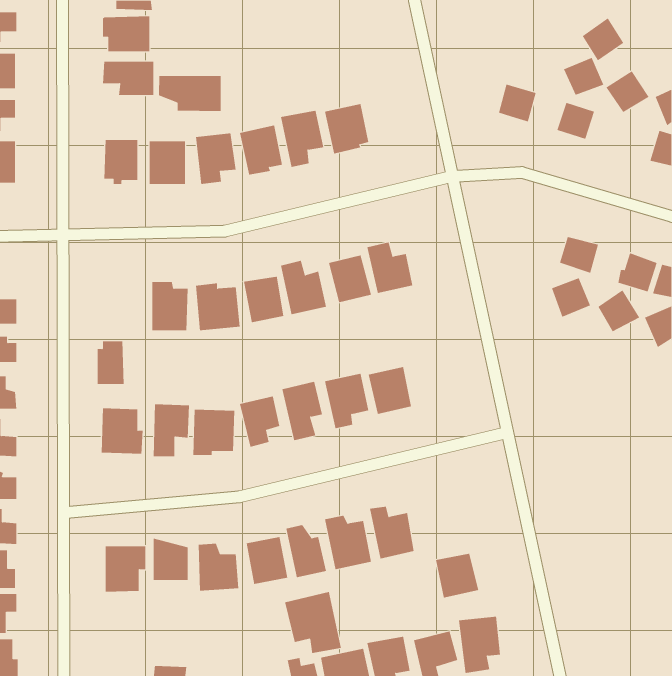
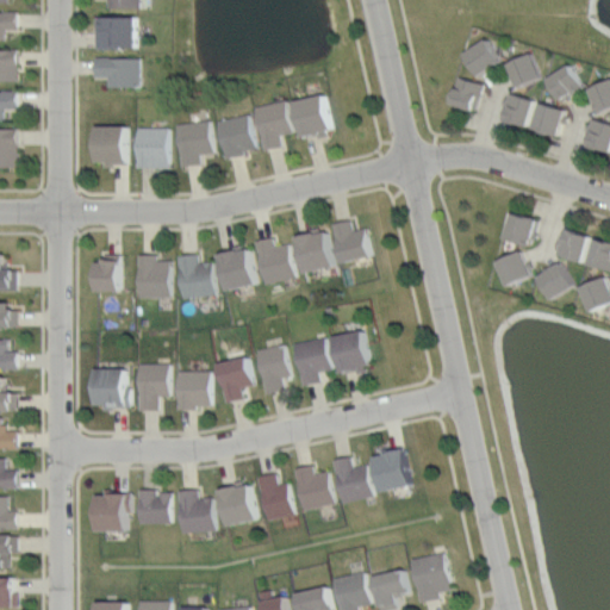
building: [582,17,624,61] -> [461,39,499,79]
building: [159,75,221,112] -> none
building: none -> [530,104,566,137]
building: [97,341,125,385] -> [94,254,119,293]
building: [435,553,479,598] -> [371,449,410,490]
building: [284,591,341,654] -> none

